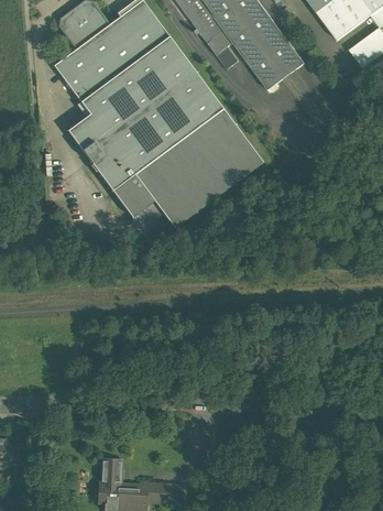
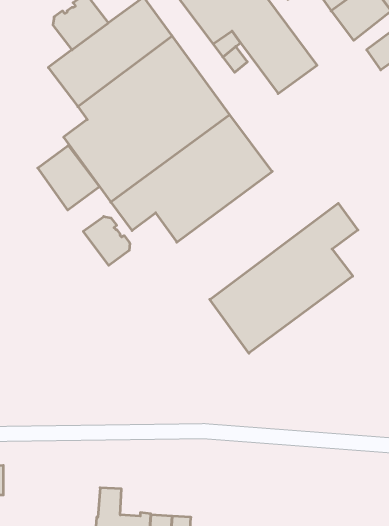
building: none -> [38,146,99,210]
building: none -> [210,203,358,353]
building: none -> [83,216,130,265]

